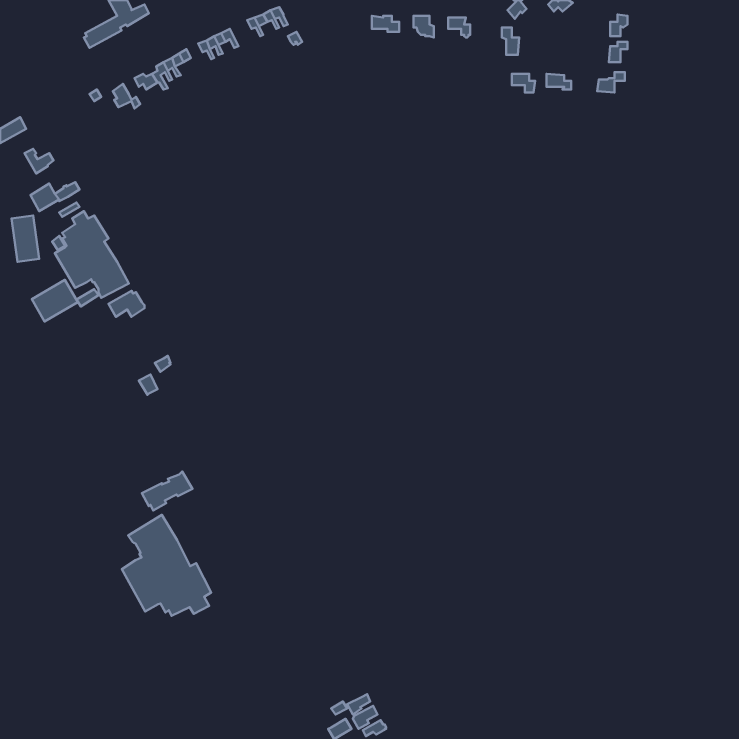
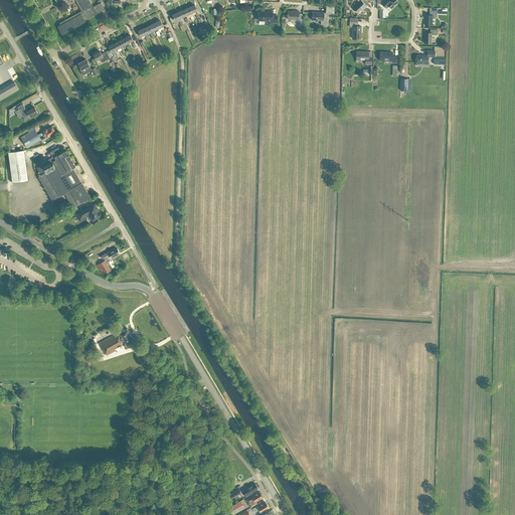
building: [32,280,78,321] -> none
building: [122,515,211,616] -> none

